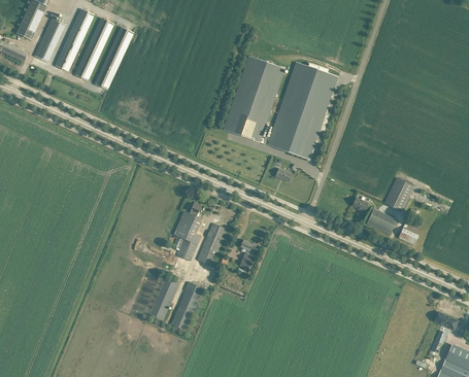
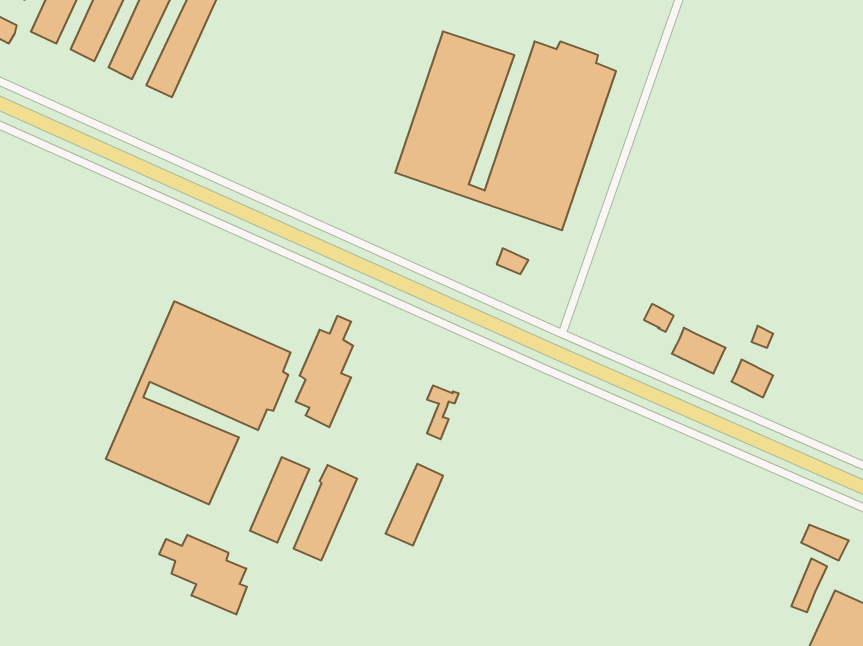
building: [384,177,414,211] -> none
building: none -> [106,301,290,504]
building: [197,222,227,265] -> [385,464,443,545]
building: none -> [159,535,247,615]

